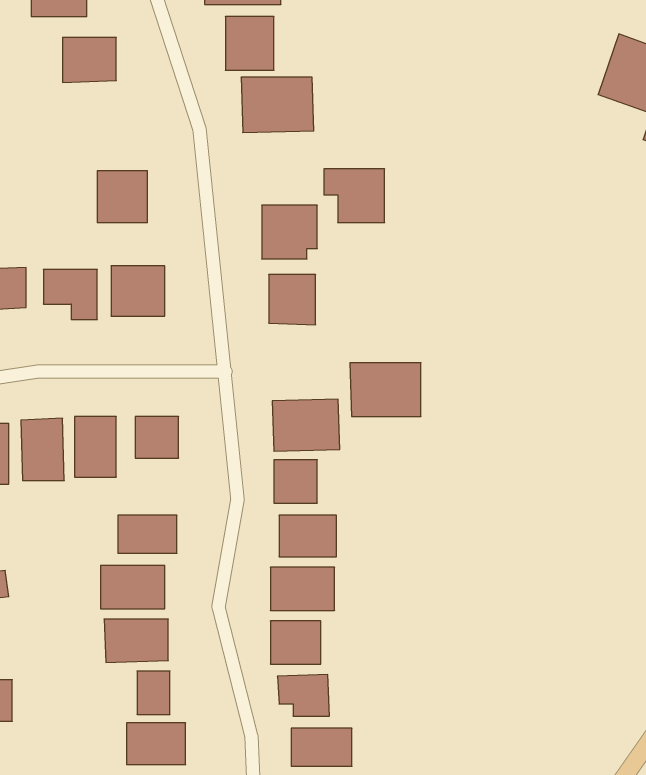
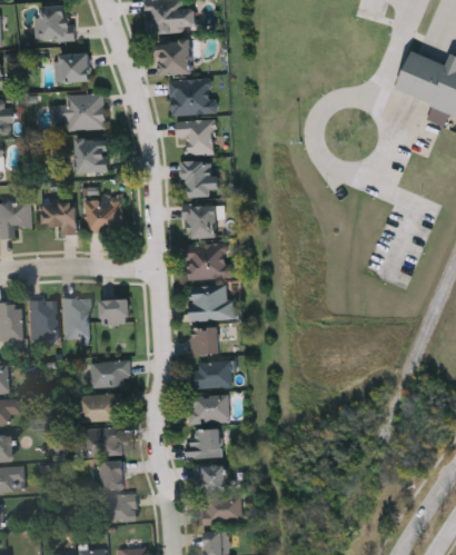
building: none -> [56,95,106,130]
building: [324,169,385,223] -> [177,121,216,156]
building: [350,363,421,416] -> [186,244,231,278]

